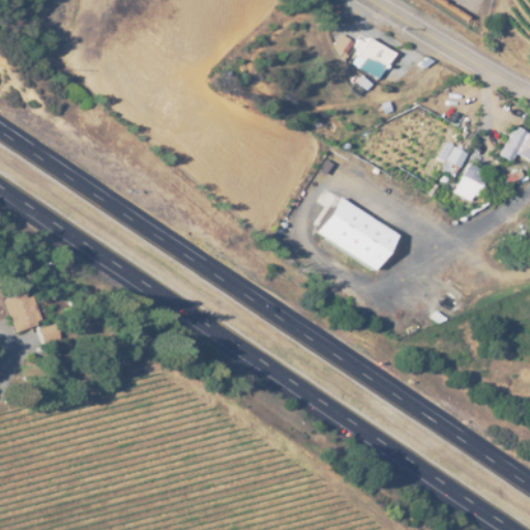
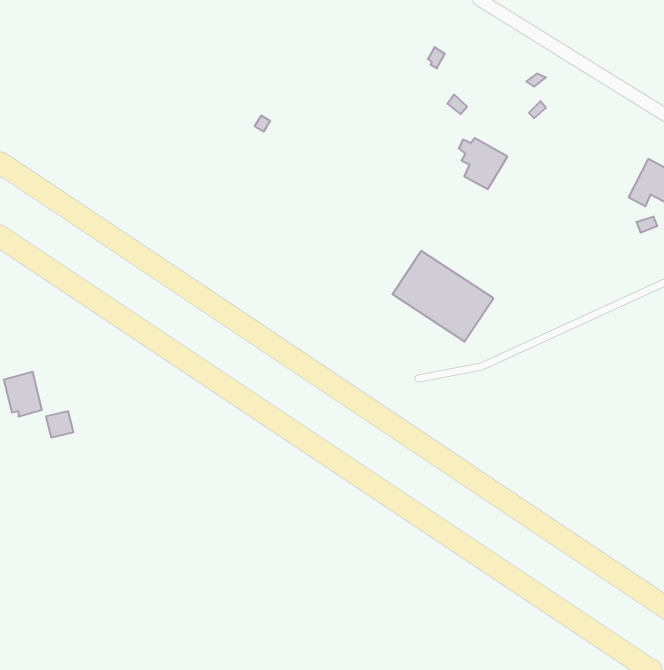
building: [358,38,396,79] -> [459,138,507,189]
building: [443,147,469,177] -> none
building: [454,163,485,202] -> none

